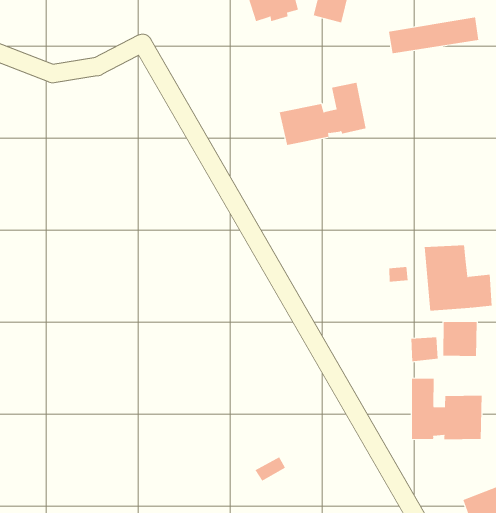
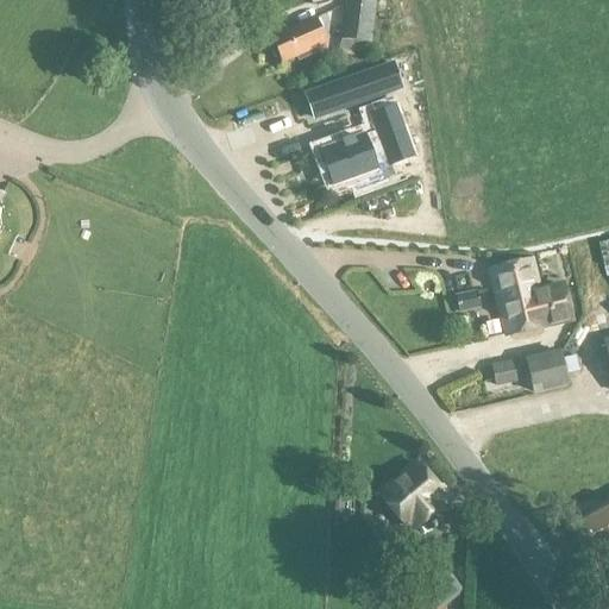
building: [388,17,479,54] -> [307,63,402,114]
building: [411,378,482,440] -> none
building: none -> [378,463,442,528]

